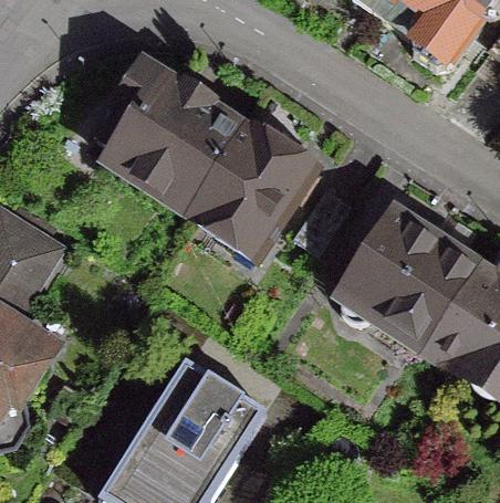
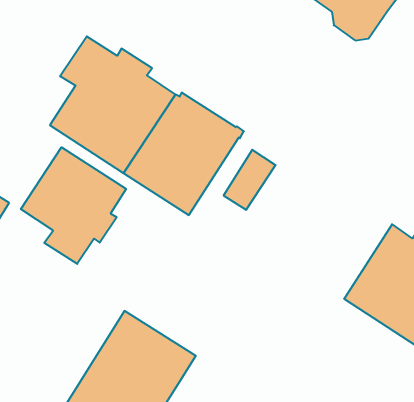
building: none -> [21,147,126,264]
building: [341,213,473,346] -> none

